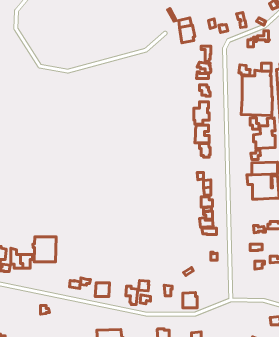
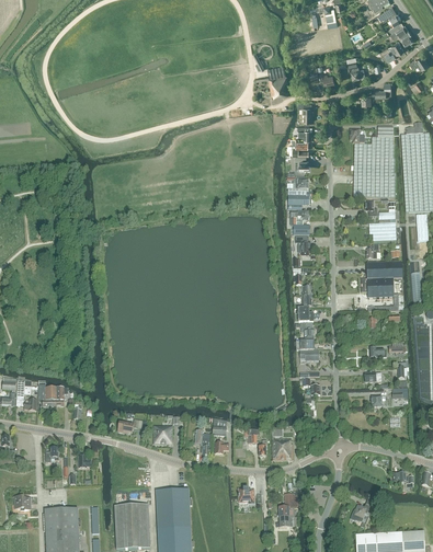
building: [33,237,56,262] -> none

